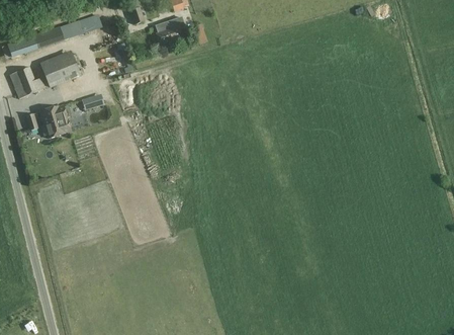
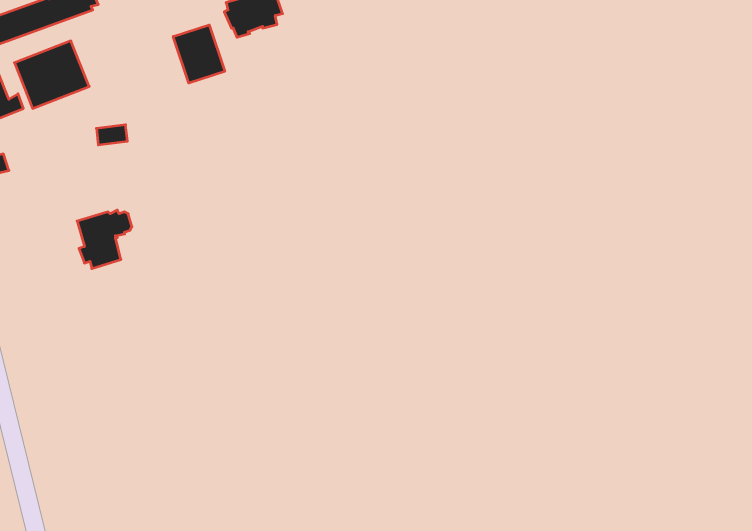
building: none -> [173,25,225,83]
building: [39,104,70,137] -> [77,210,132,269]

